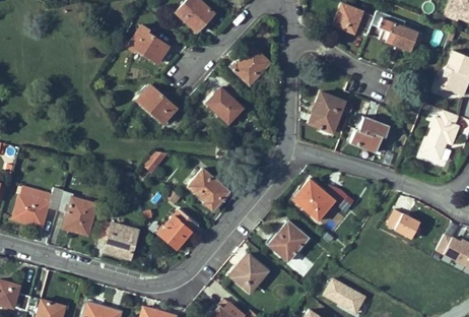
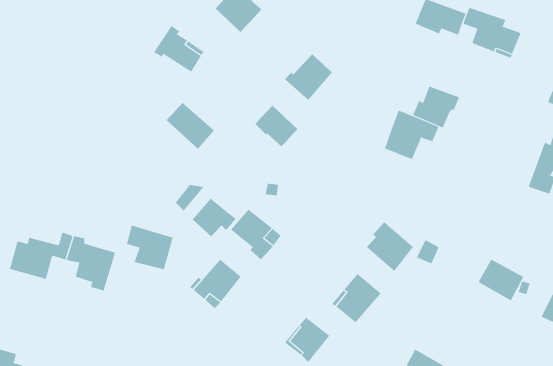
building: [351,117,389,150] -> [412,86,460,128]
building: none -> [192,198,236,237]
building: [98,220,136,256] -> [126,225,174,270]

